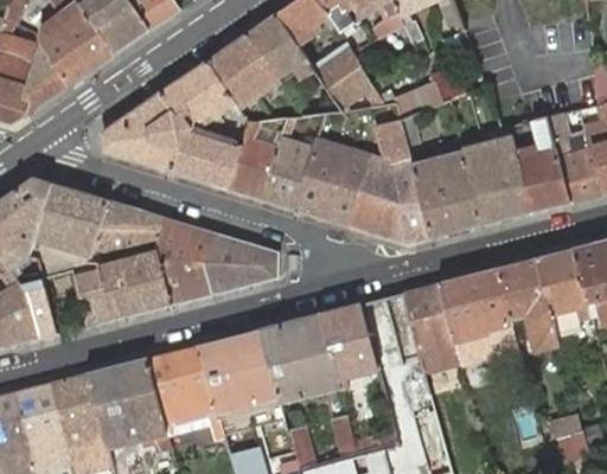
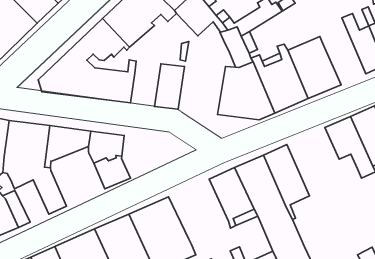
building: [516,116,569,211] -> none
building: [228,121,280,198] -> none
building: [294,148,371,224] -> none
building: [202,232,276,294] -> none
building: [98,249,171,319] -> none
building: [440,268,512,357] -> none
building: [260,314,340,403] -> none

